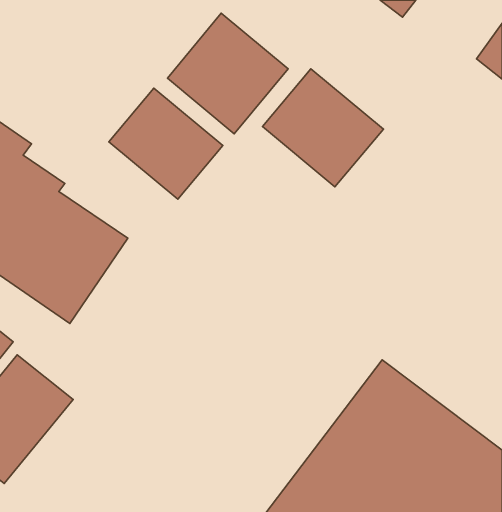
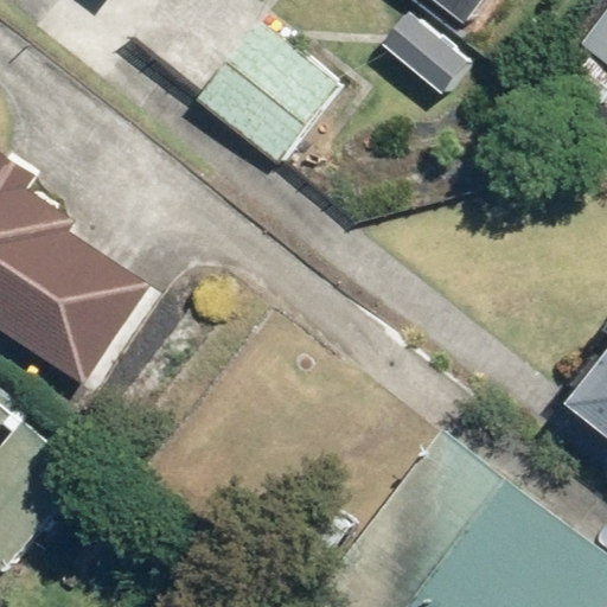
building: [263,69,383,187] -> none
building: [109,88,223,199] -> none

